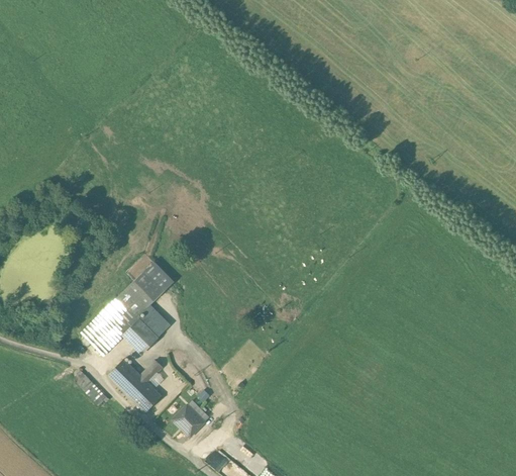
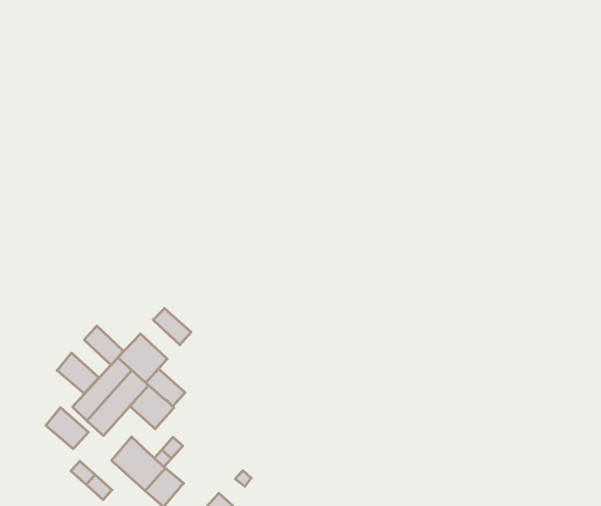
building: [135,270,165,300] -> [84,326,124,365]
building: none -> [57,353,99,394]
building: none -> [46,408,88,449]

